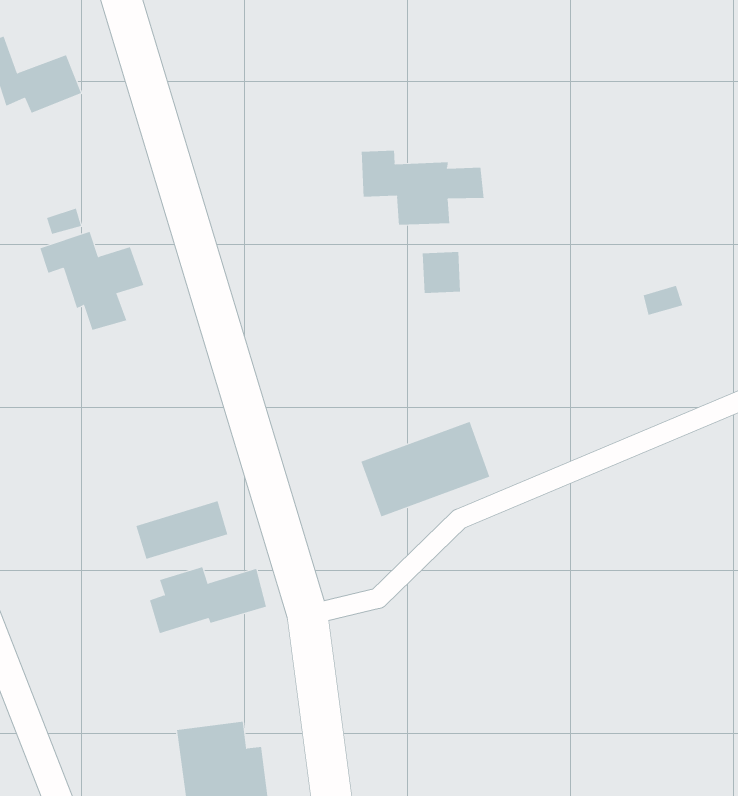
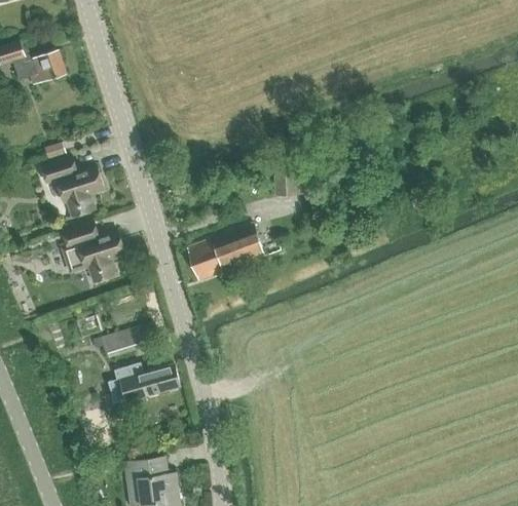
building: [361,150,484,225] -> none
building: none -> [62,223,125,282]
building: [361,421,490,517] -> [186,223,265,281]

